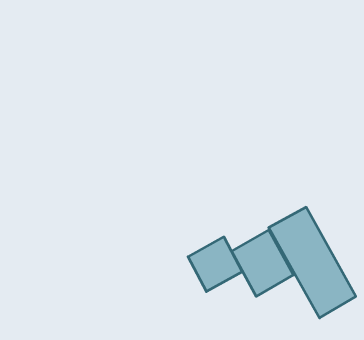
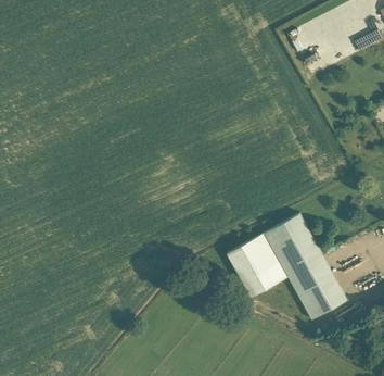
building: [188,237,242,292] -> none

